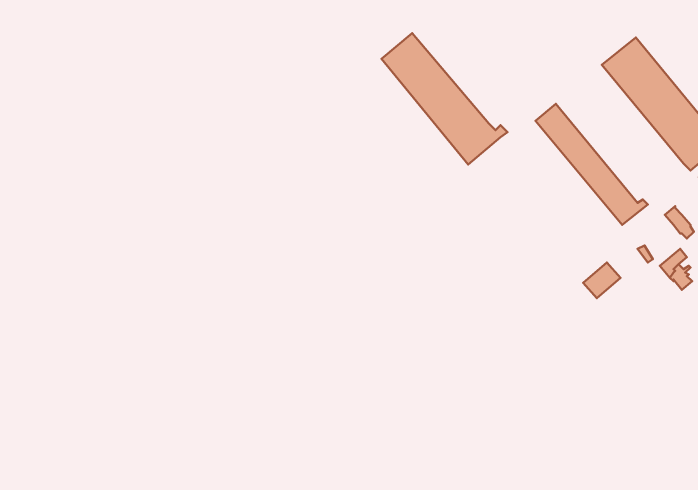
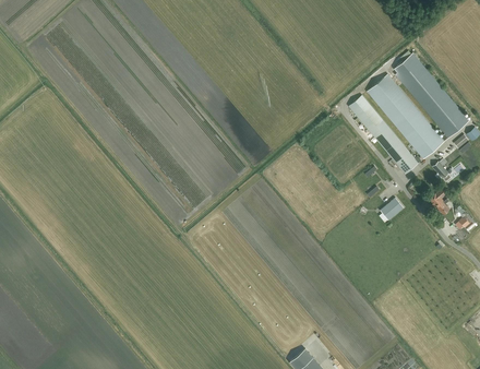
building: [381,33,507,164] -> [368,75,448,159]

